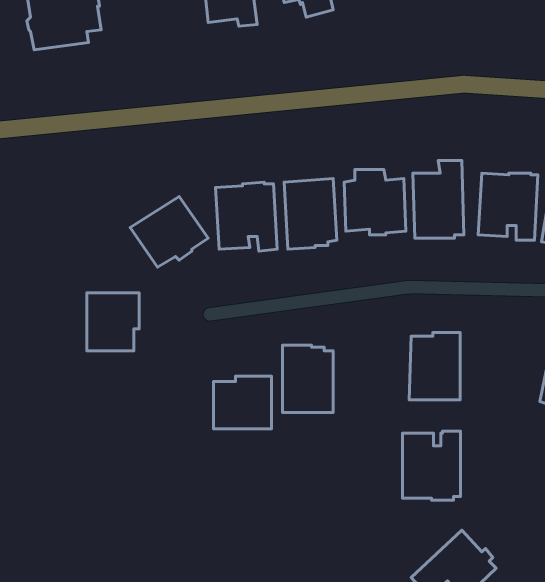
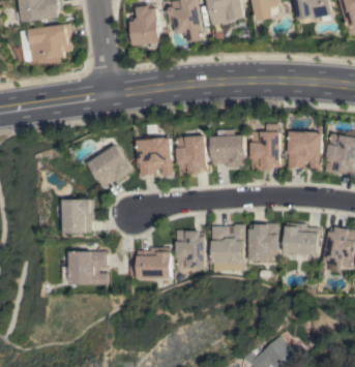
building: none -> [284,223,319,255]
building: none -> [62,252,108,285]
building: [403,431,461,500] -> [211,225,244,265]

